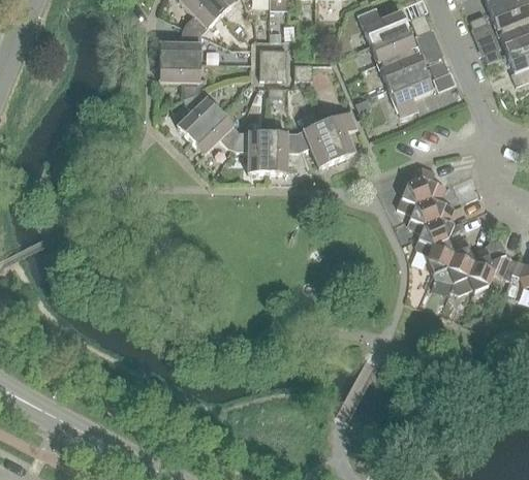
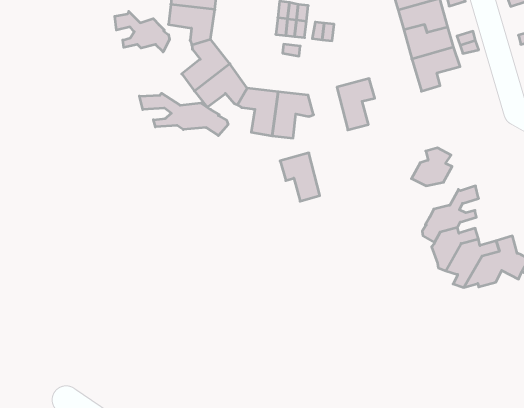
building: none -> [115,11,170,52]
building: [295,121,336,166] -> [280,153,320,201]
building: none -> [139,93,228,136]
building: [407,182,444,231] -> none

